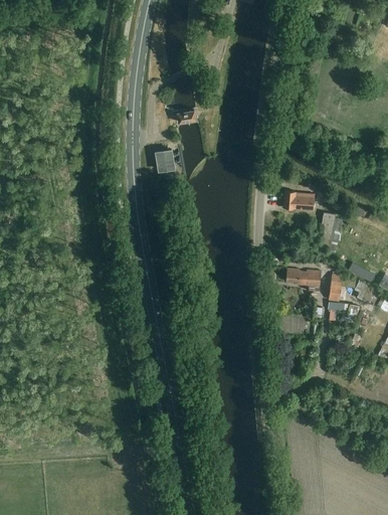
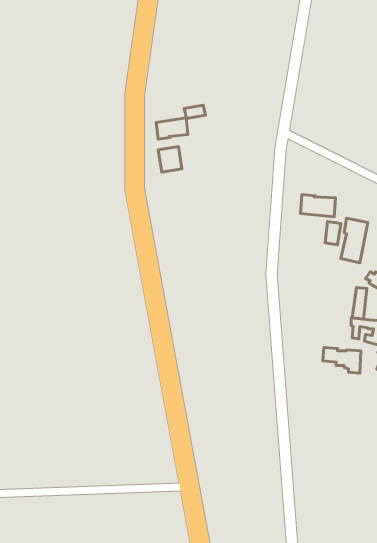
building: none -> [156,118,188,139]
building: [286,268,321,291] -> [323,347,361,373]

